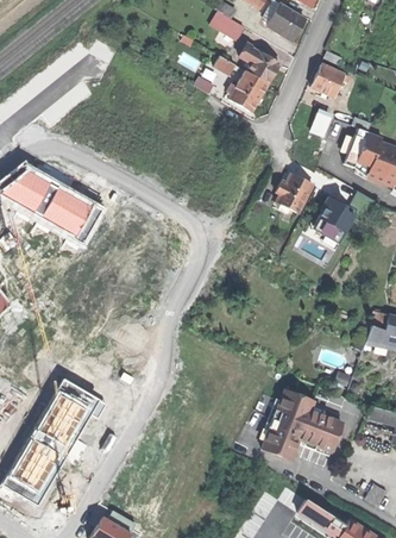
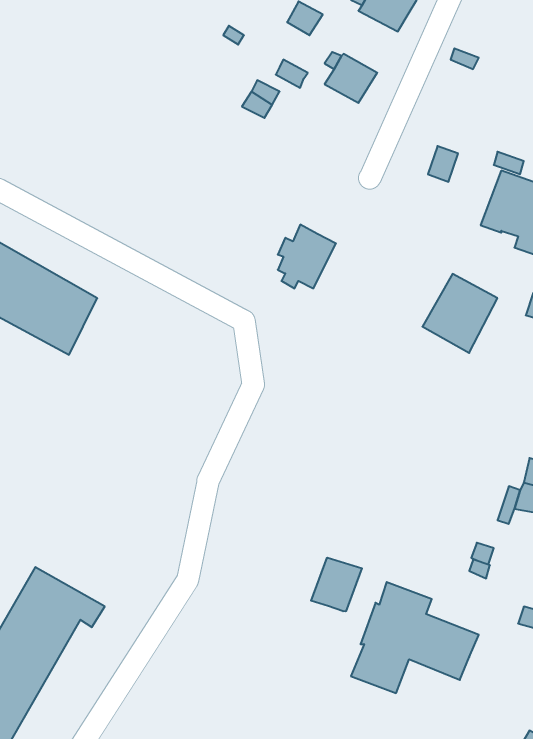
building: [313,65,351,98] -> none
building: [227,73,268,114] -> none
building: [278,174,315,214] -> [278,225,336,288]
building: none -> [311,558,362,611]

